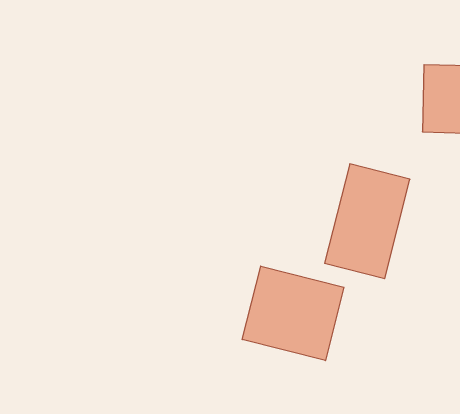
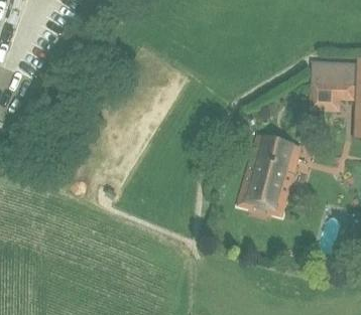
building: [242,266,344,361] -> none

